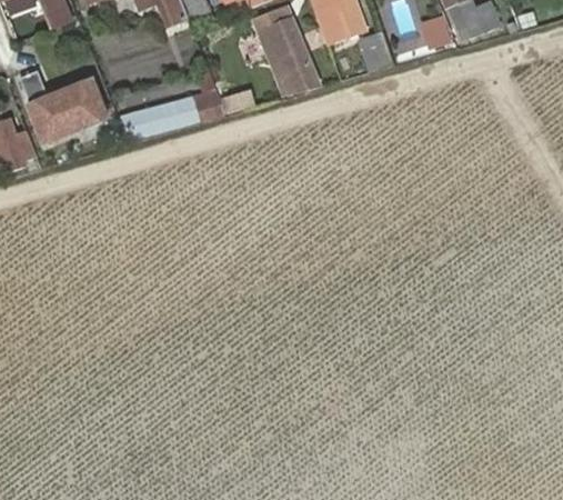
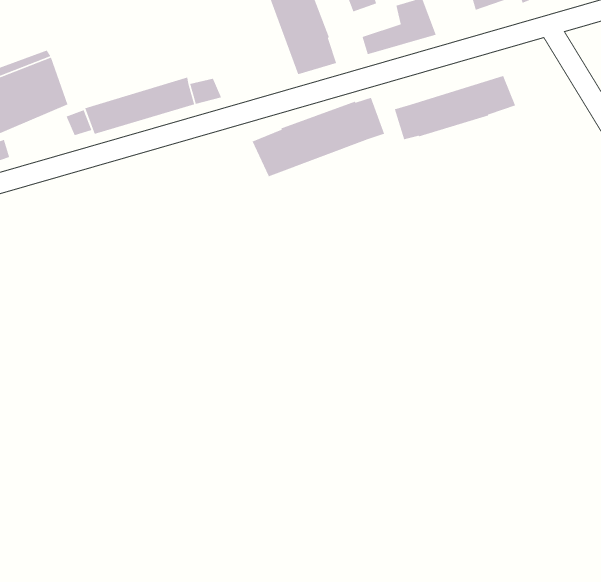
building: none -> [394,75,516,140]
building: none -> [251,97,385,177]

